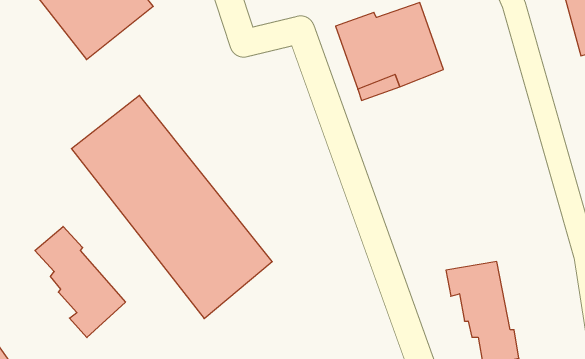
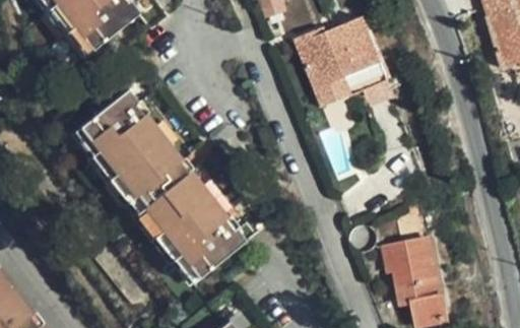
building: [35,226,125,338] -> none

